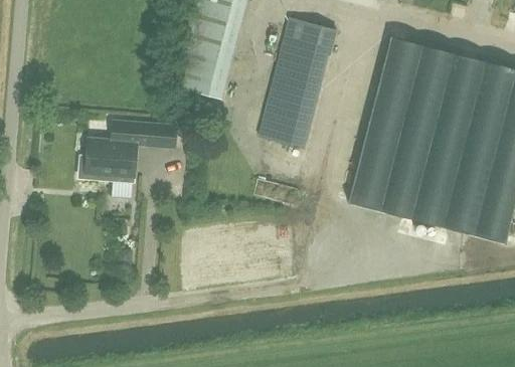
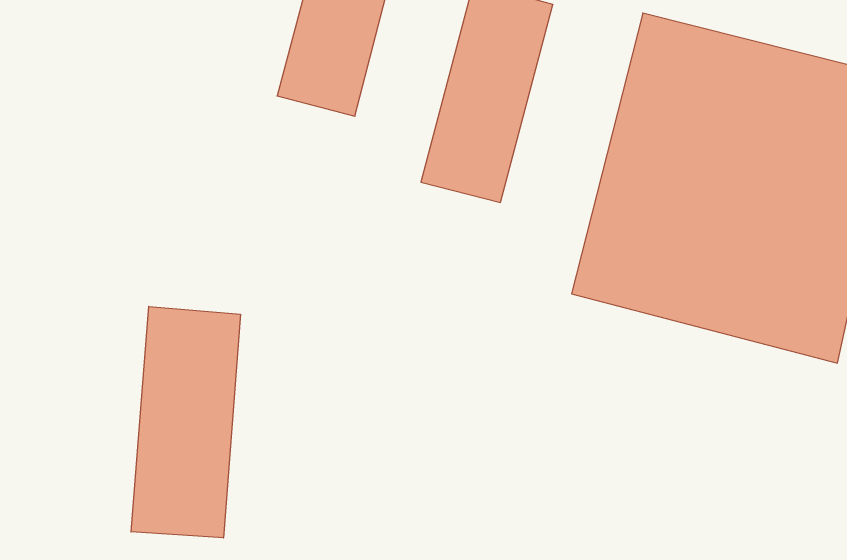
building: [79,122,177,180] -> none
building: none -> [131,306,240,538]

